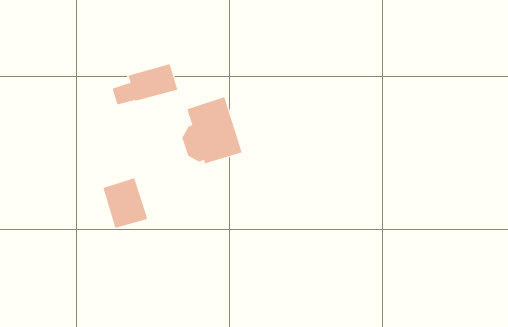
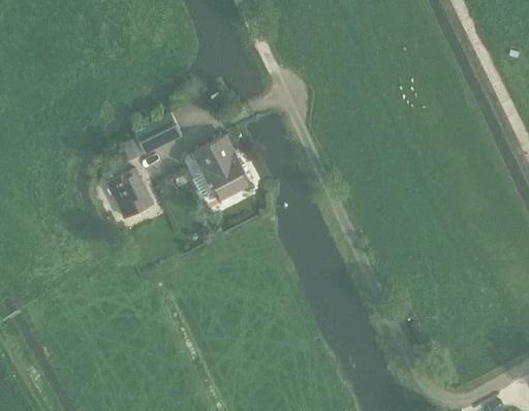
building: [103,177,148,228] -> [106,168,153,218]

